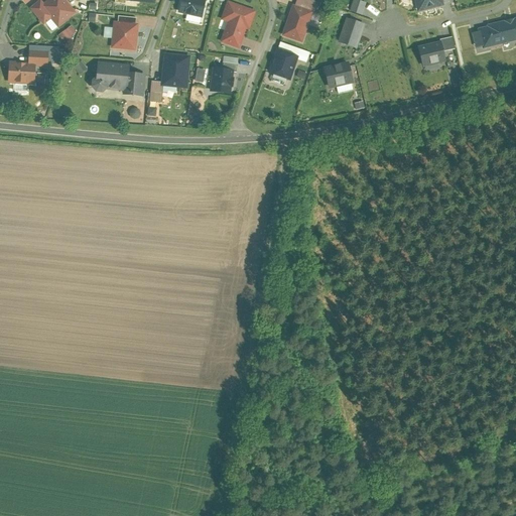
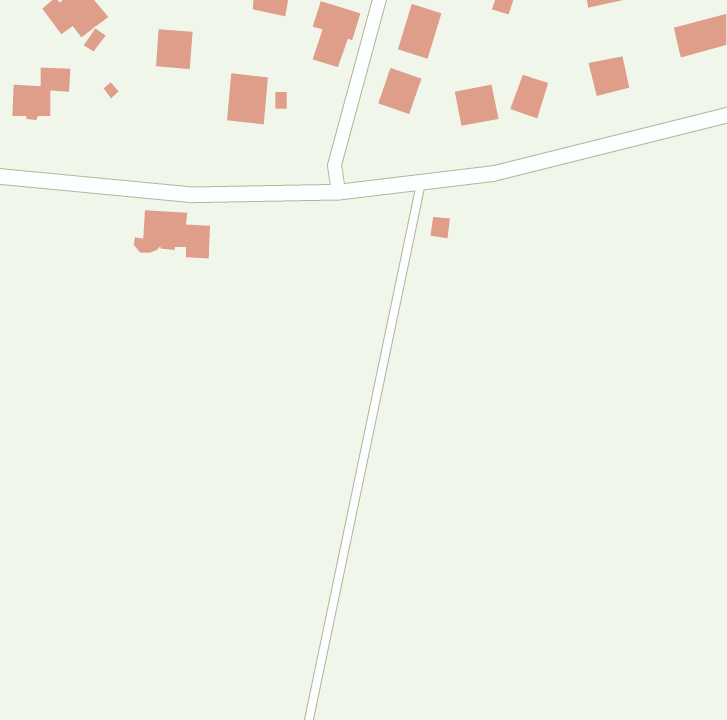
building: [337,18,365,50] -> [509,74,549,119]
building: [91,61,146,97] -> [133,209,211,259]
building: [211,67,235,96] -> none

